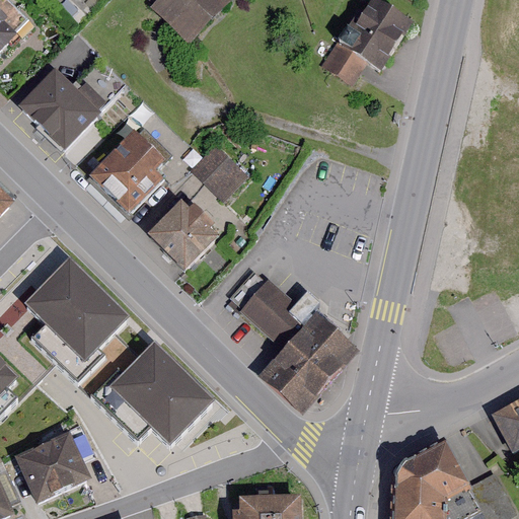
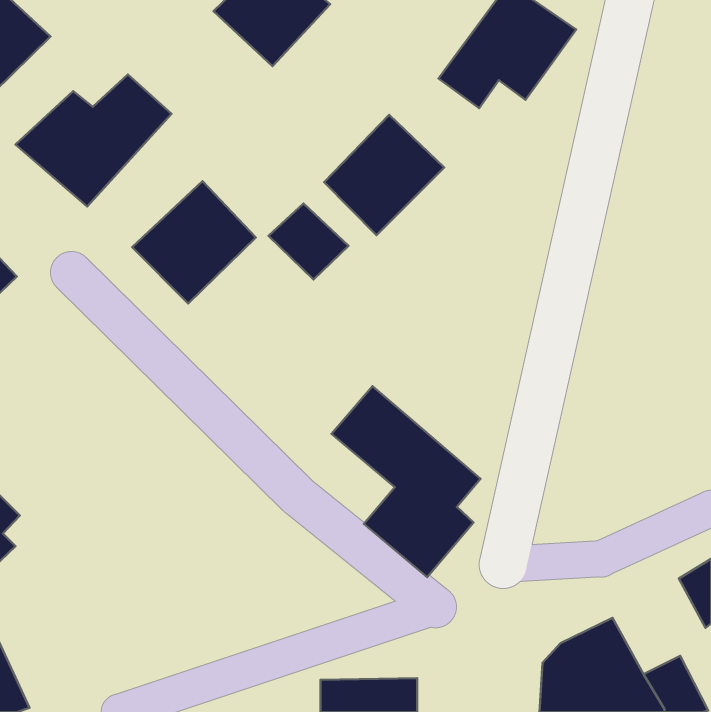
building: none -> [324,115,444,235]
building: [155,204,232,278] -> none
building: [20,253,126,376] -> none
building: [92,335,212,442] -> none
building: [13,428,91,507] -> none

